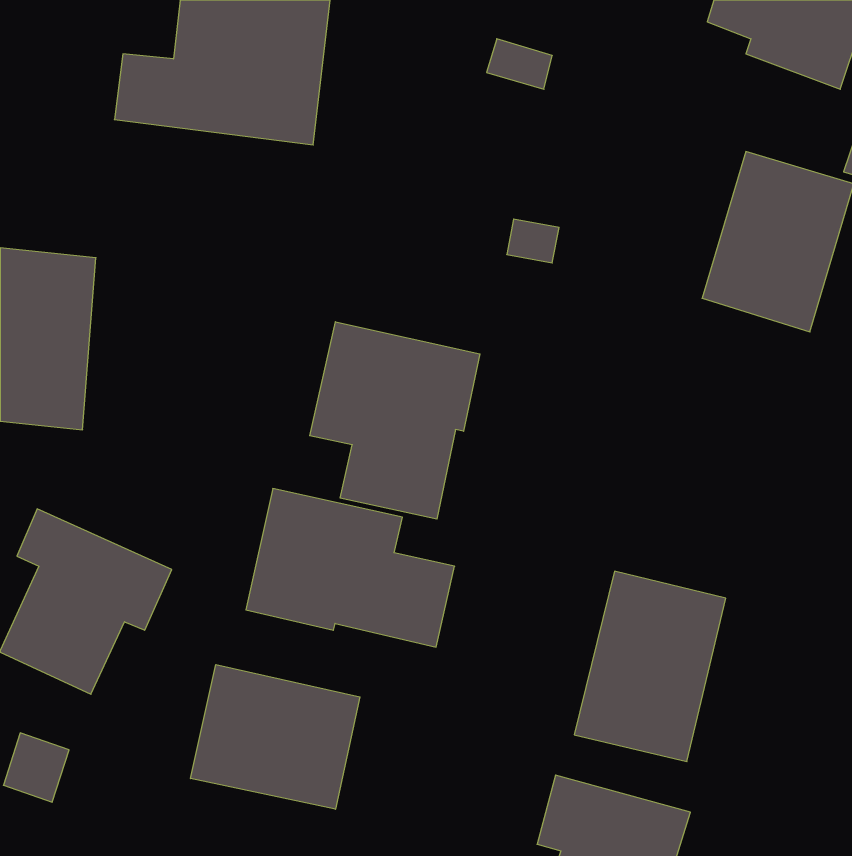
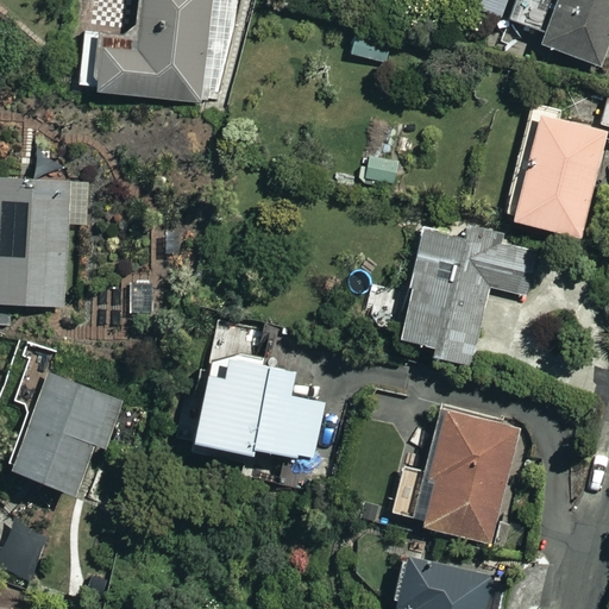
building: none -> [393,224,539,362]
building: [310,322,480,519] -> none
building: [191,665,360,809] -> none

